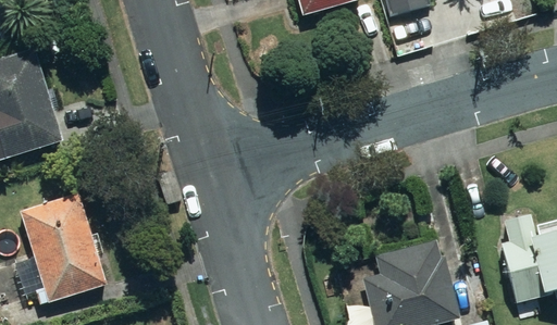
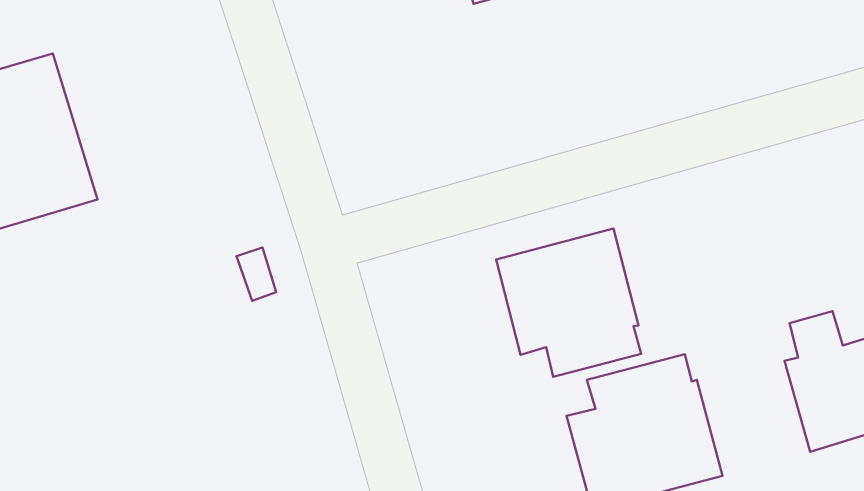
building: none -> [496,229,641,377]
building: [18,192,107,303] -> none

